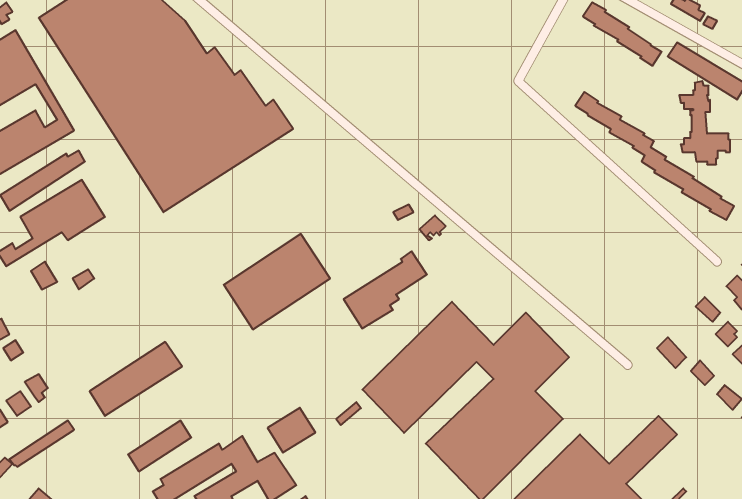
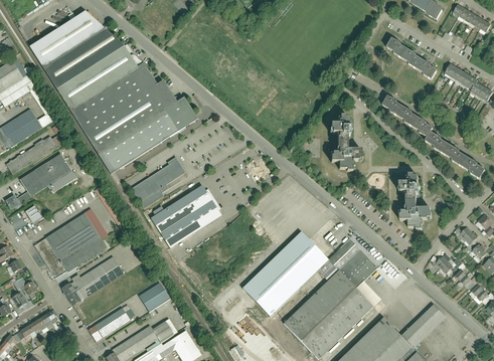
building: [679,81,730,164] -> [399,175,433,229]
building: none -> [331,117,364,171]
building: [344,251,427,328] -> [133,158,187,208]
building: none -> [36,213,108,278]
building: [268,408,315,453] -> [140,283,171,312]

